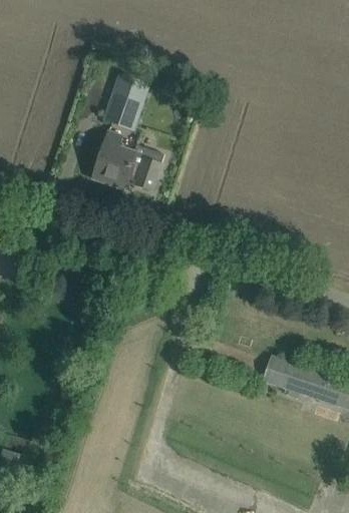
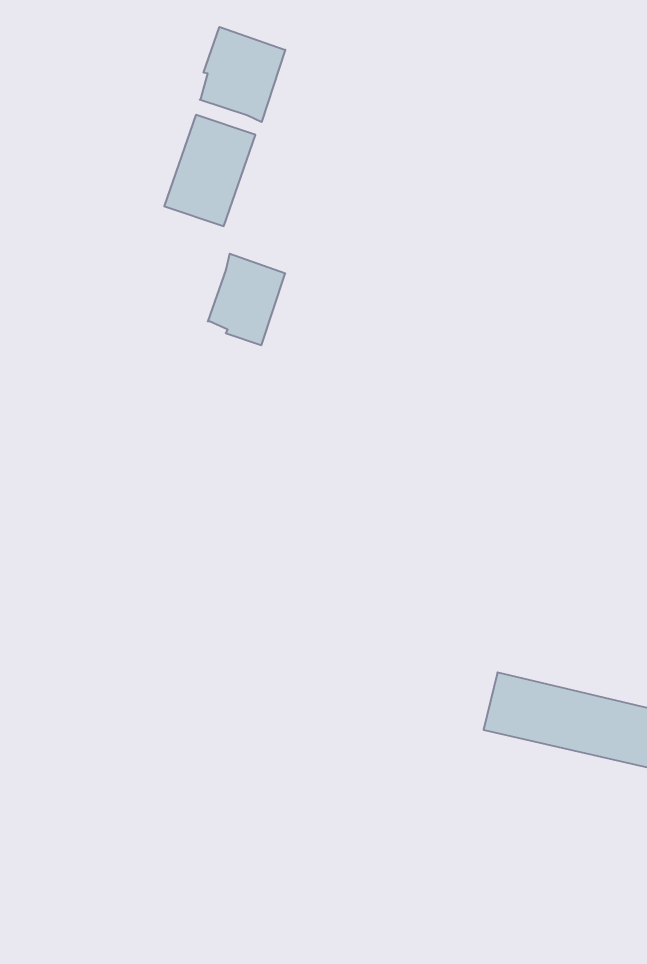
building: none -> [200,27,285,122]
building: [93,132,132,188] -> none

